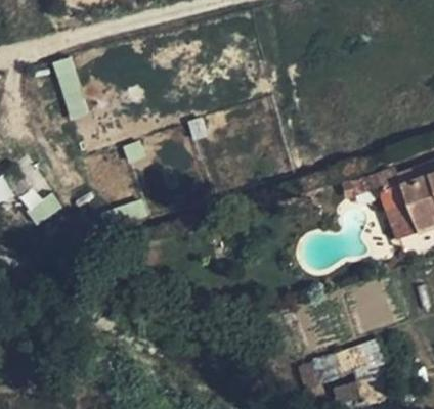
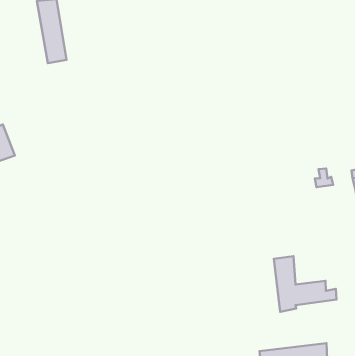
building: none -> [274,256,336,312]

